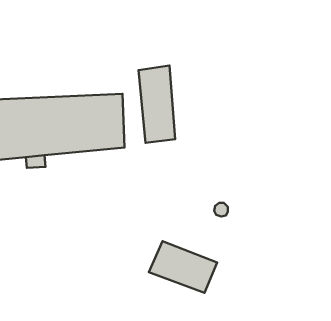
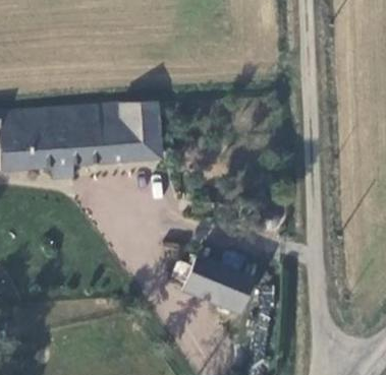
building: [139,65,175,143] -> none

